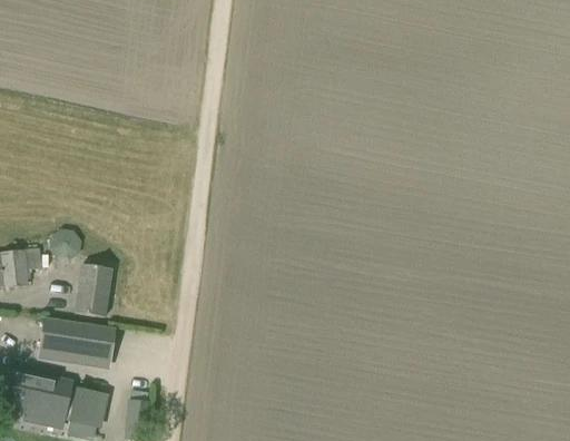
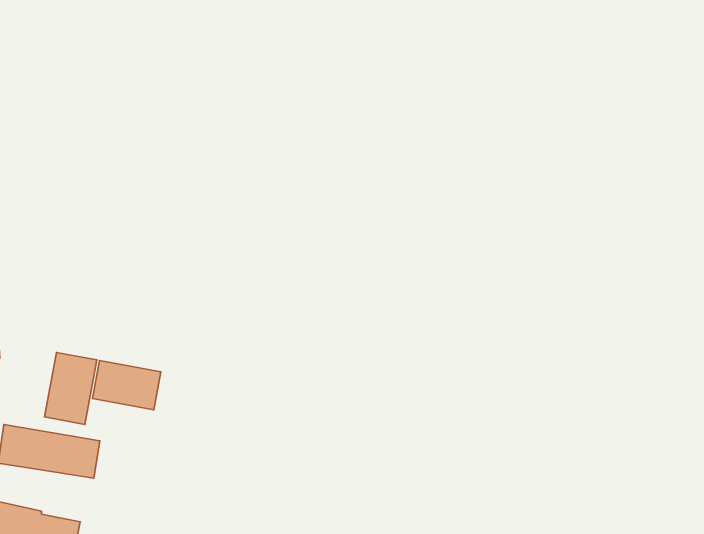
building: [50,229,82,262] -> none
building: none -> [92,360,161,410]

